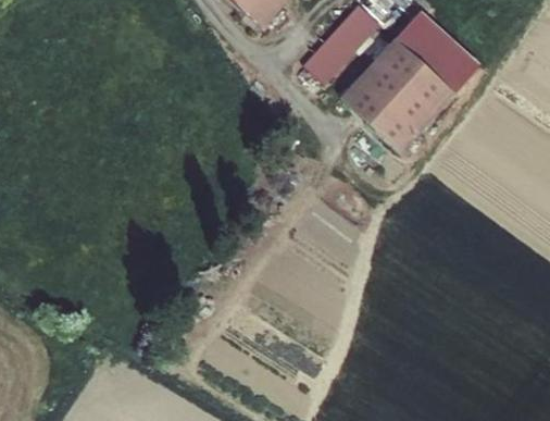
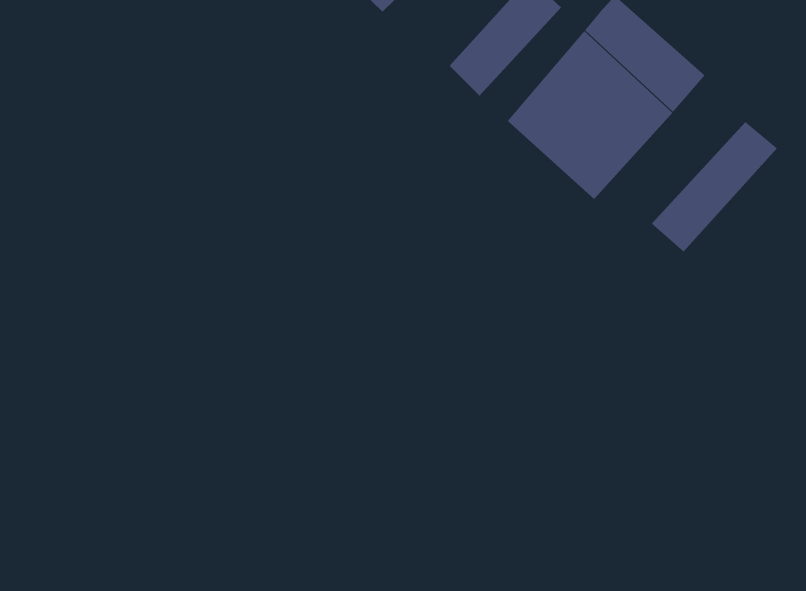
building: none -> [651,121,778,252]

